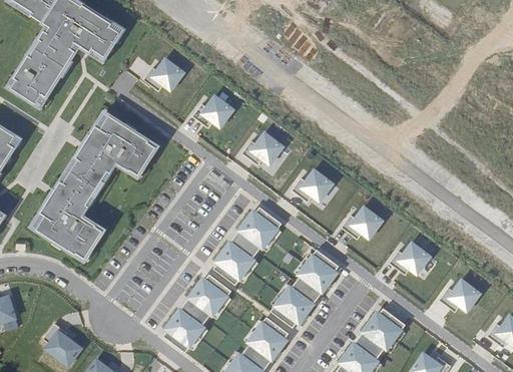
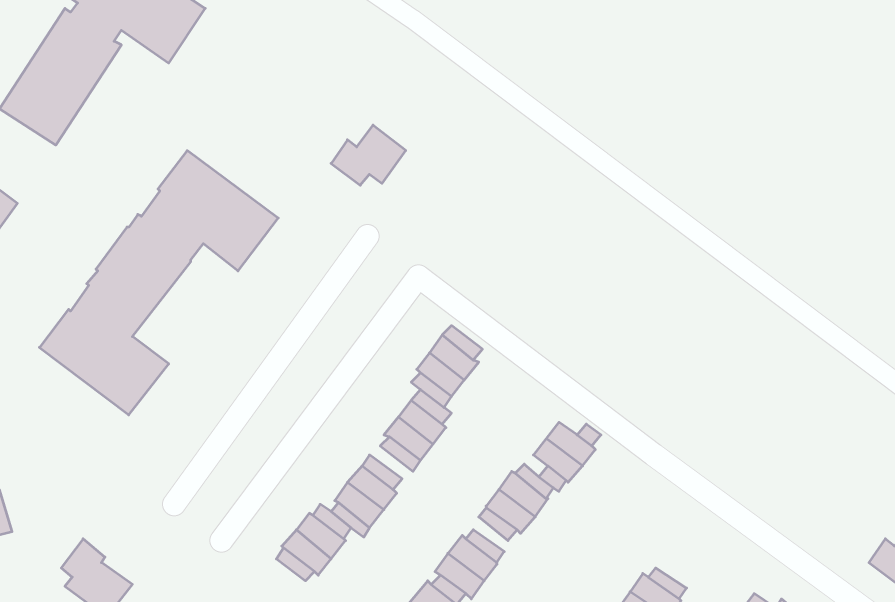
building: [142,58,184,91] -> none
building: [241,132,284,164] -> none
building: [292,169,333,202] -> none
building: [342,206,383,239] -> none
building: [391,243,433,276] -> none
building: [439,279,480,311] -> none
building: [367,306,406,345] -> none

